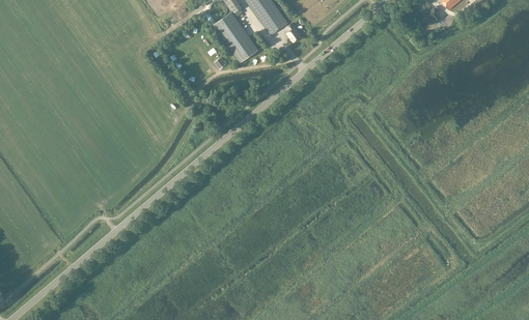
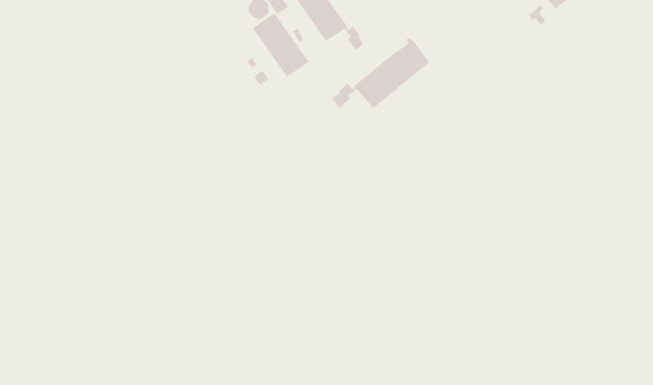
building: none -> [331,37,430,109]

